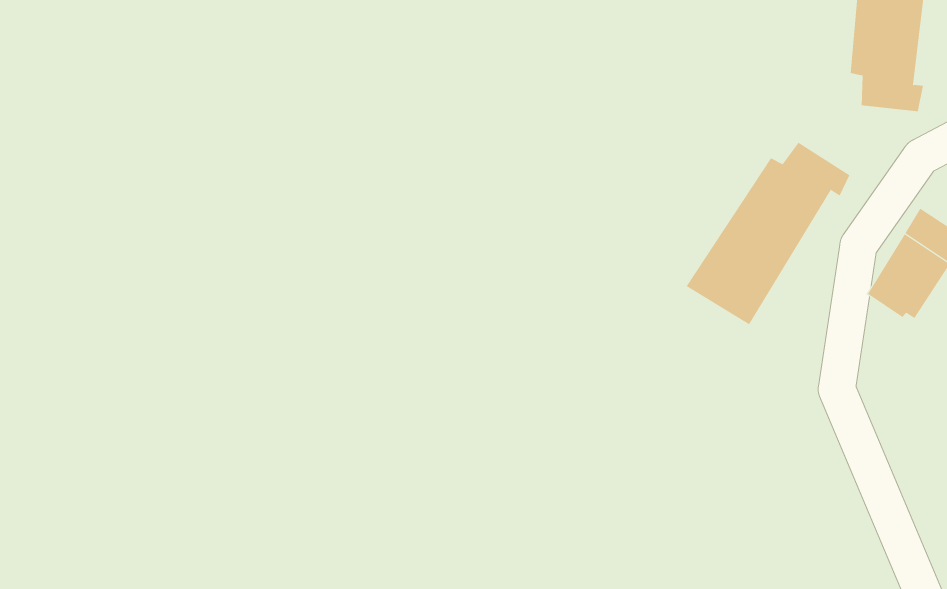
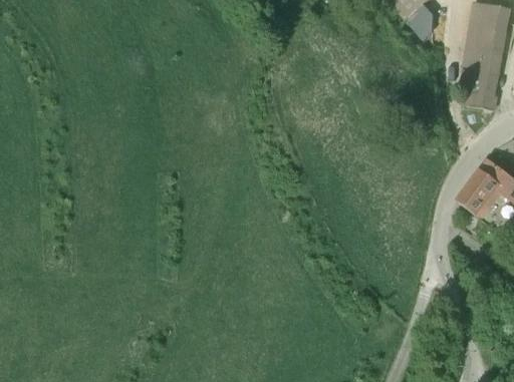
building: [686,142,850,325] -> none

